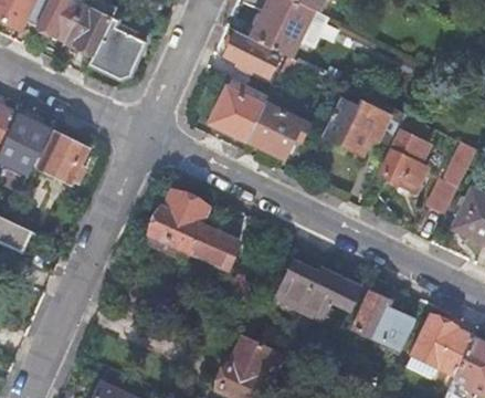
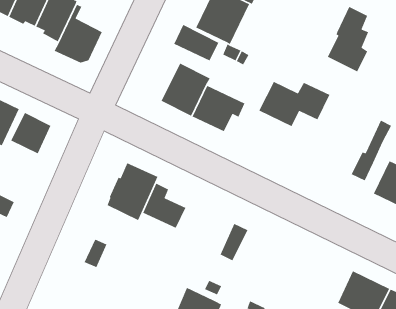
building: [379,115,428,191] -> [327,6,369,73]
building: [293,270,359,317] -> none
building: [354,293,414,350] -> none

